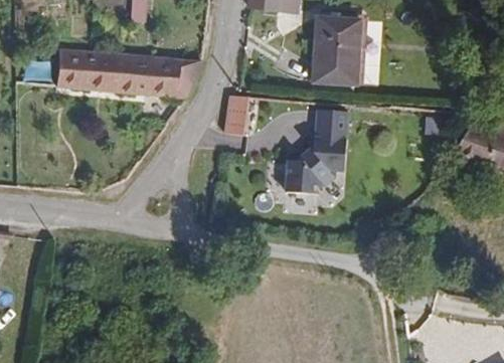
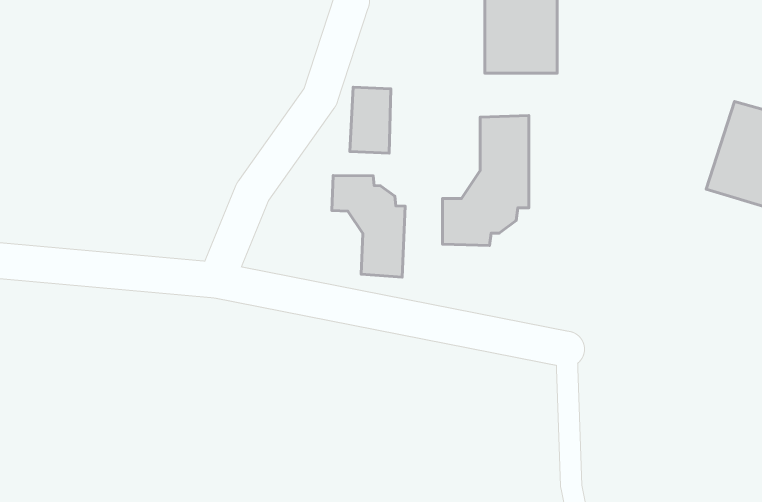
building: [54,52,198,95] -> none
building: none -> [332,176,405,277]

